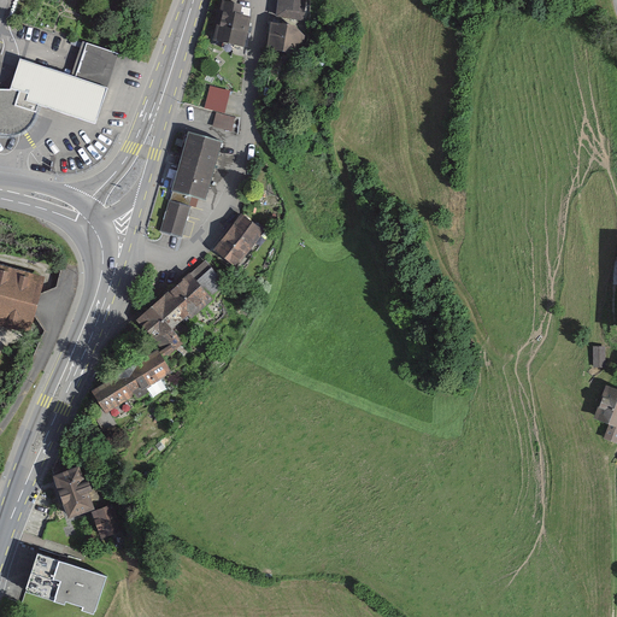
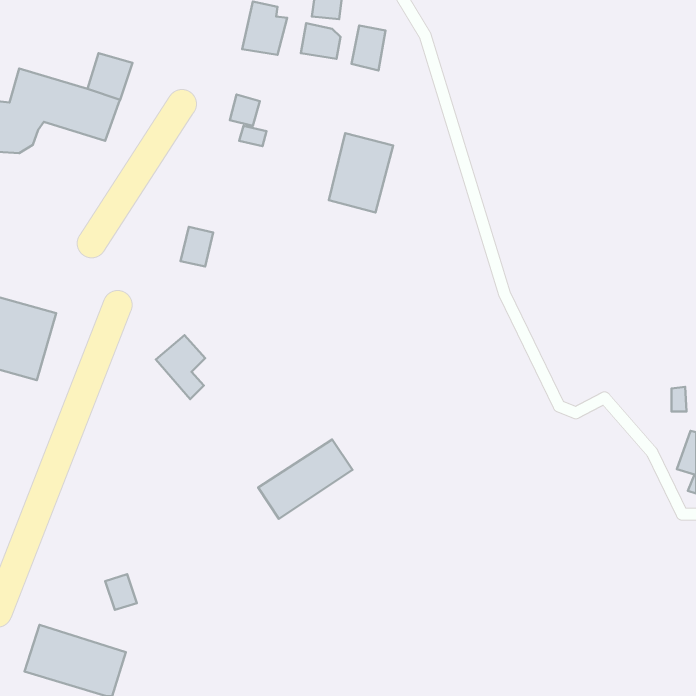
building: none -> [352,26,386,70]
building: [171,133,228,202] -> [329,133,393,213]
building: [213,211,265,266] -> none
building: [163,260,221,319] -> none
building: [95,349,178,419] -> [258,440,353,519]
building: [53,464,100,517] -> none

